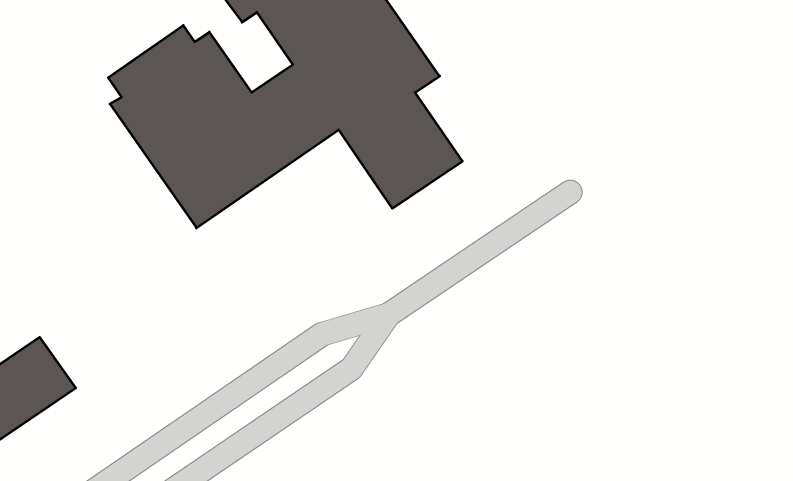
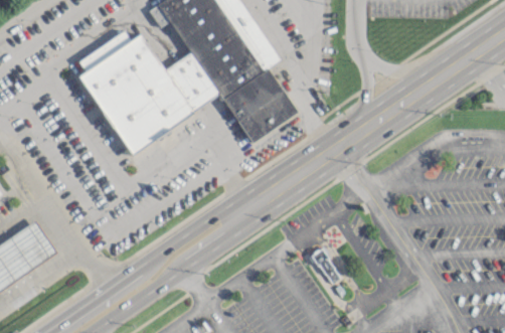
building: none -> [309,246,341,284]

